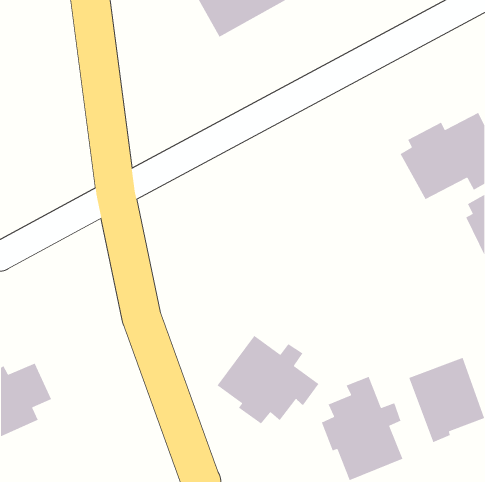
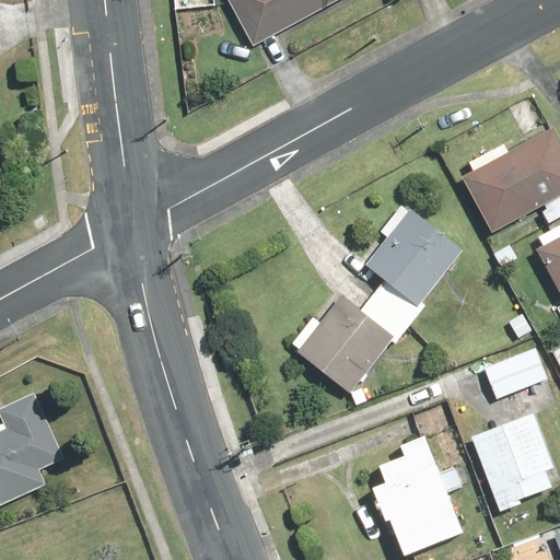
building: none -> [292,203,464,395]
building: none -> [483,346,547,396]
building: [216,335,320,425] -> none

